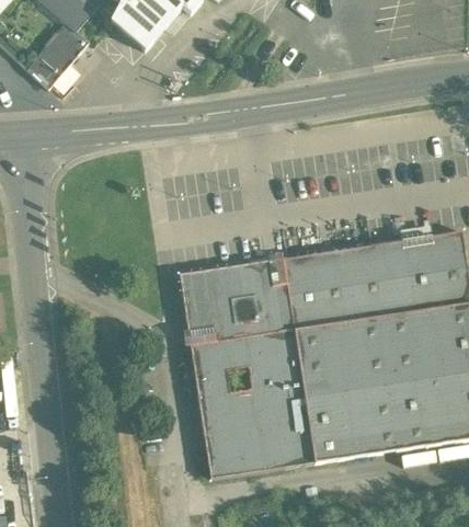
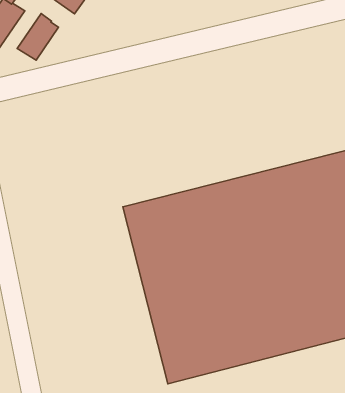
building: none -> [17,13,58,60]

